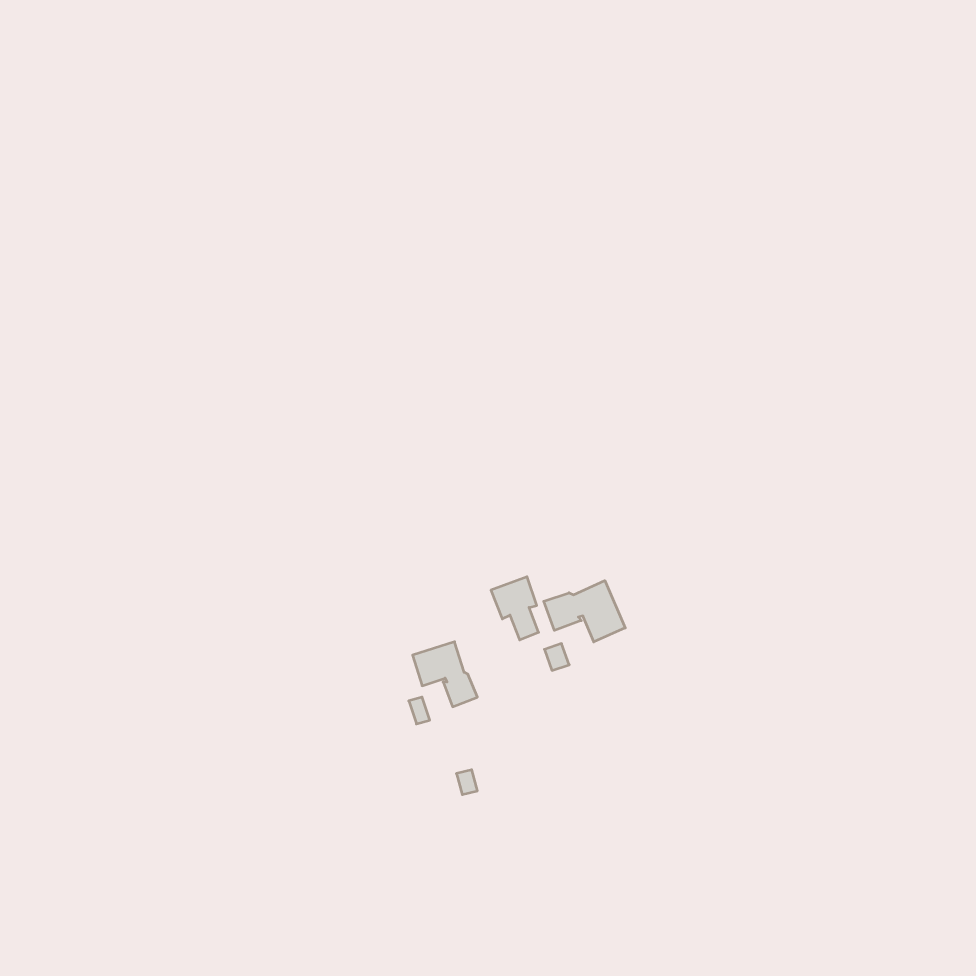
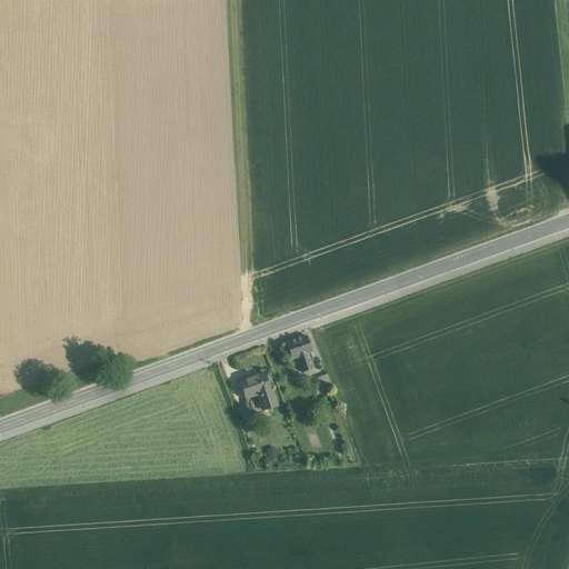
building: [544,581,625,642] -> none

